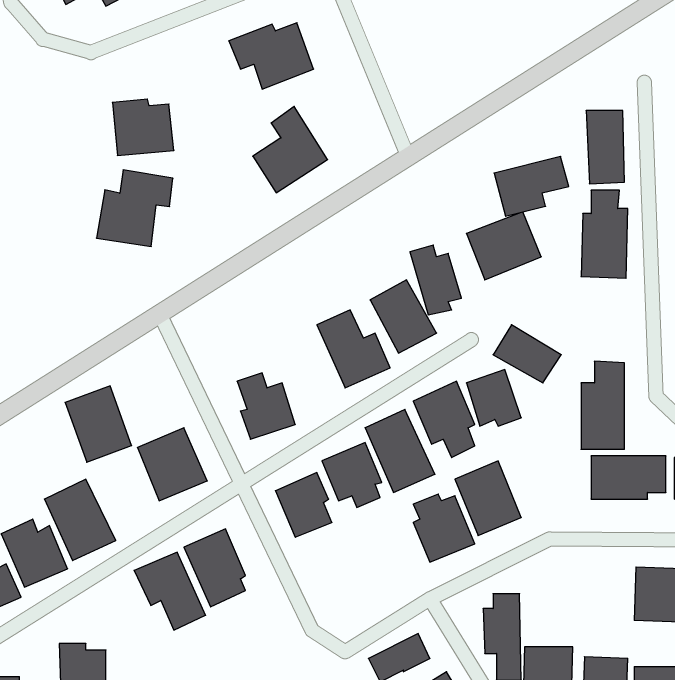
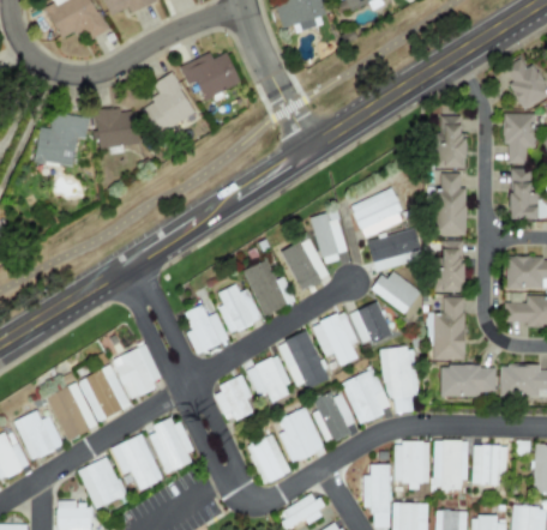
building: [253,106,328,193] -> [142,72,196,134]
building: [494,156,569,216] -> [368,228,422,271]
building: [96,170,173,246] -> [35,112,90,167]
building: none -> [434,240,465,291]
building: none -> [220,285,262,332]
building: [65,386,132,462] -> [82,366,130,421]
building: none -> [380,345,419,412]
building: none -> [279,406,325,463]
building: none -> [247,433,290,483]
building: none -> [434,440,468,488]
building: none -> [395,441,429,486]
building: none -> [78,456,126,508]

